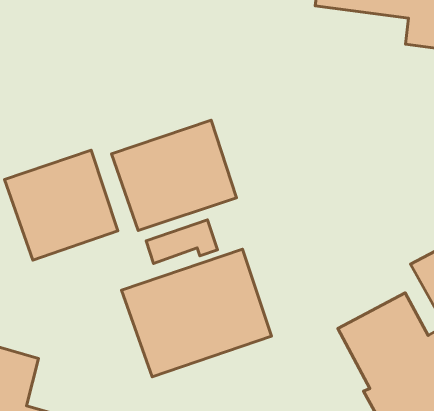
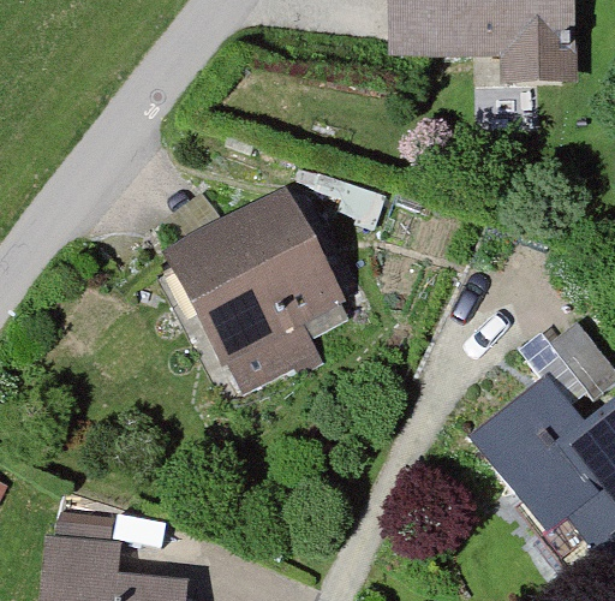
building: [5,150,118,260] -> none
building: [122,249,271,377] -> none

